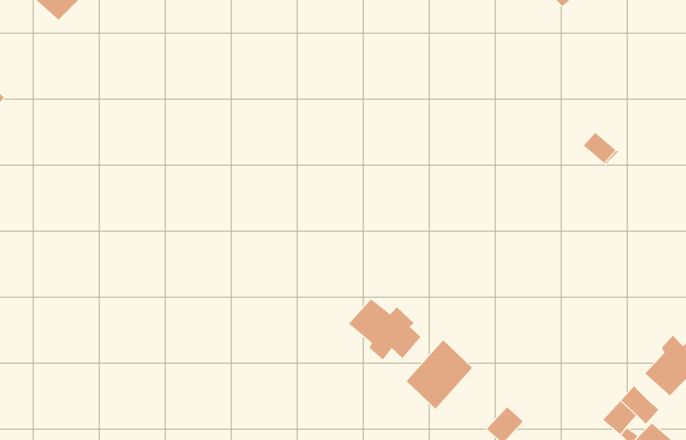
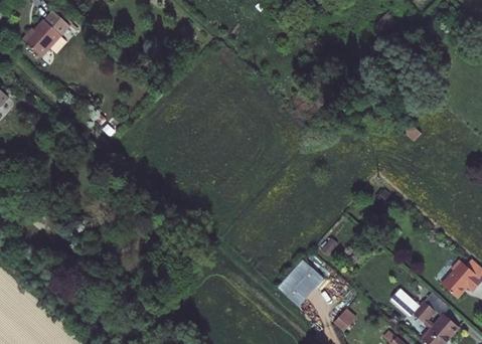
building: [348,298,421,361] -> none
building: none -> [390,288,420,317]

